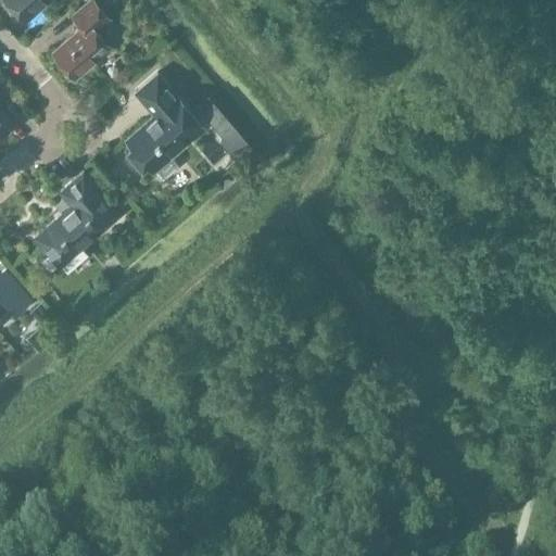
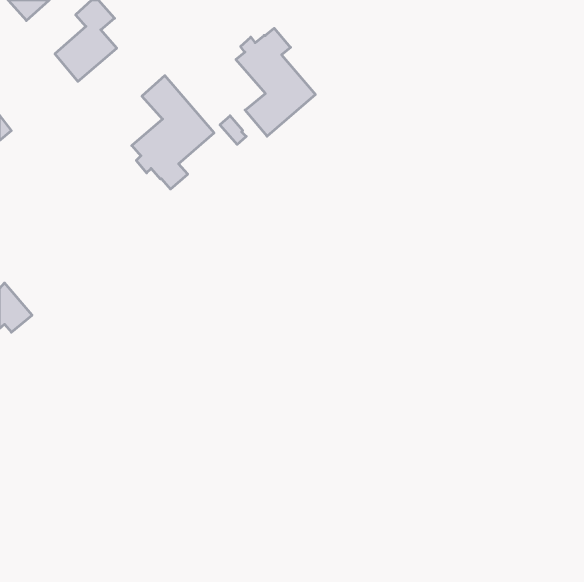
building: none -> [236,28,315,136]
building: [34,174,118,268] -> none

